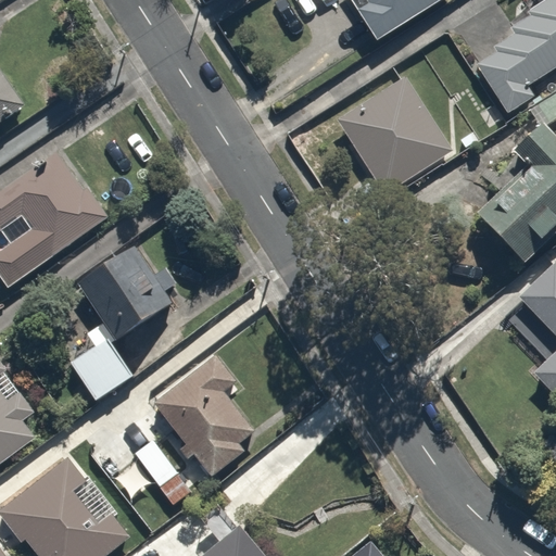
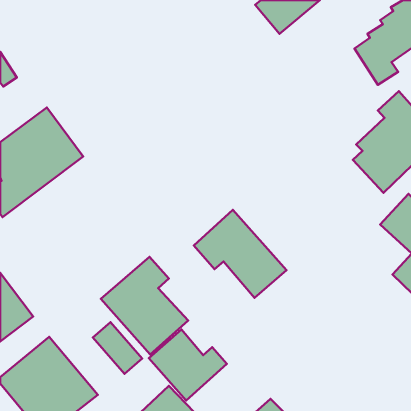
building: [339,78,454,194] -> none
building: [64,242,175,400] -> none
building: none -> [194,210,286,298]
building: none -> [149,330,227,401]

